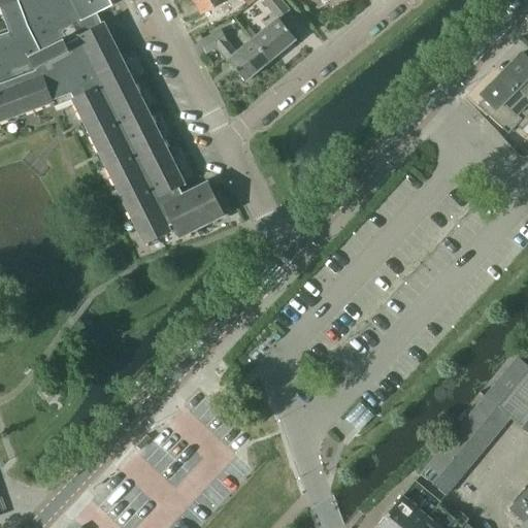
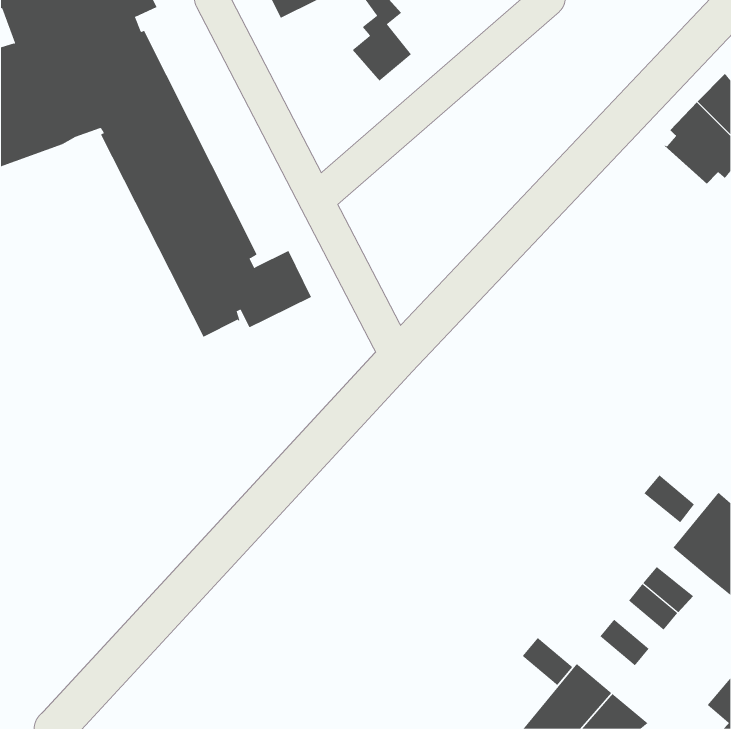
building: [200,29,273,80] -> none
building: [473,395,510,430] -> [643,475,695,523]
building: [442,433,478,468] -> none
building: [421,459,458,494] -> [522,637,573,686]

